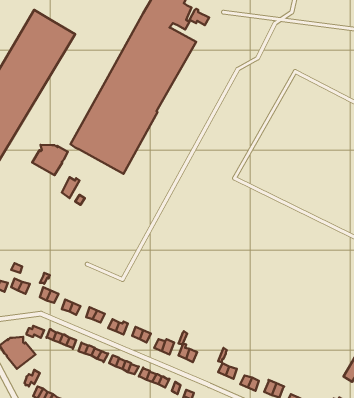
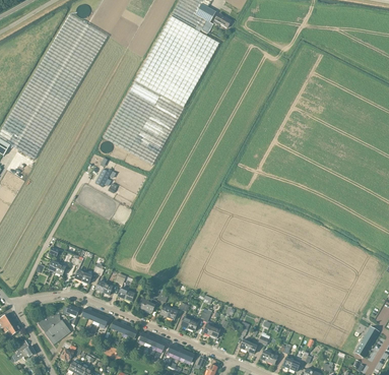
building: [32,145,68,175] -> none

